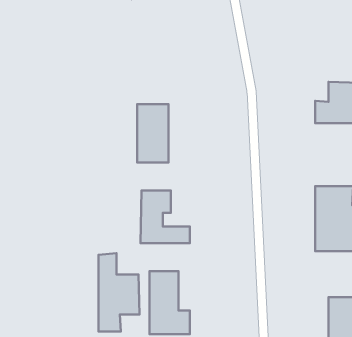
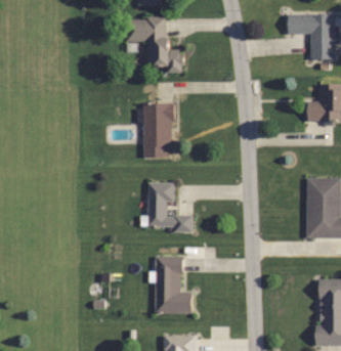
building: none -> [287,14,334,60]
building: none -> [125,18,182,74]
building: [99,253,140,331] -> none

